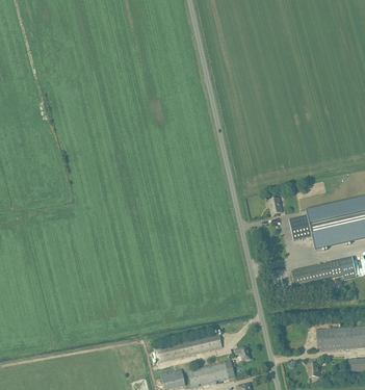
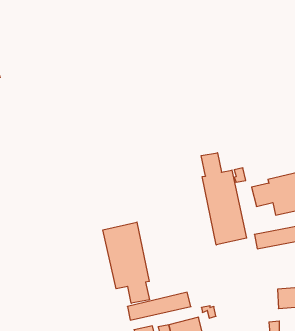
building: none -> [201,153,247,245]
building: none -> [103,222,149,303]

